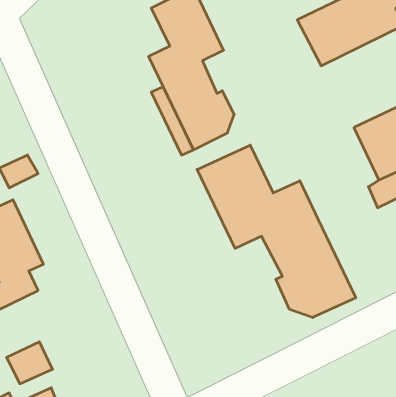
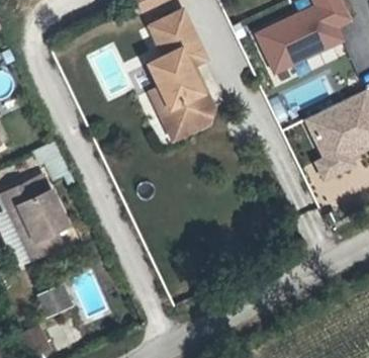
building: [197,145,356,318] -> none

